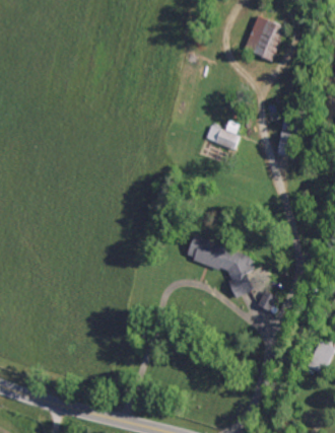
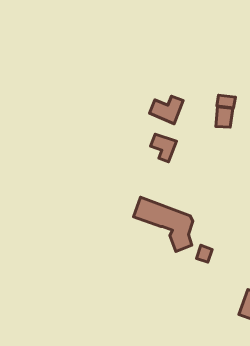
building: [244,15,288,62] -> none
building: none -> [151,134,176,162]

